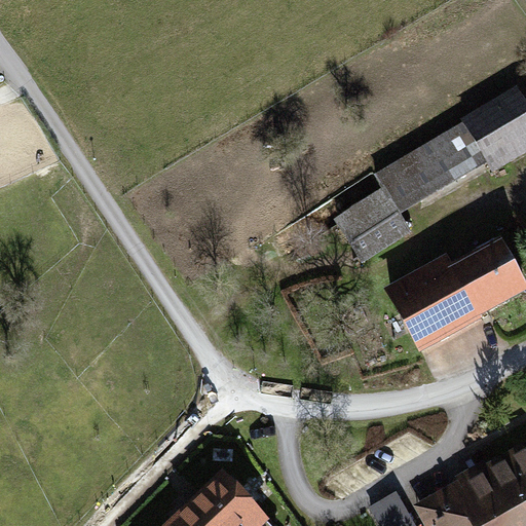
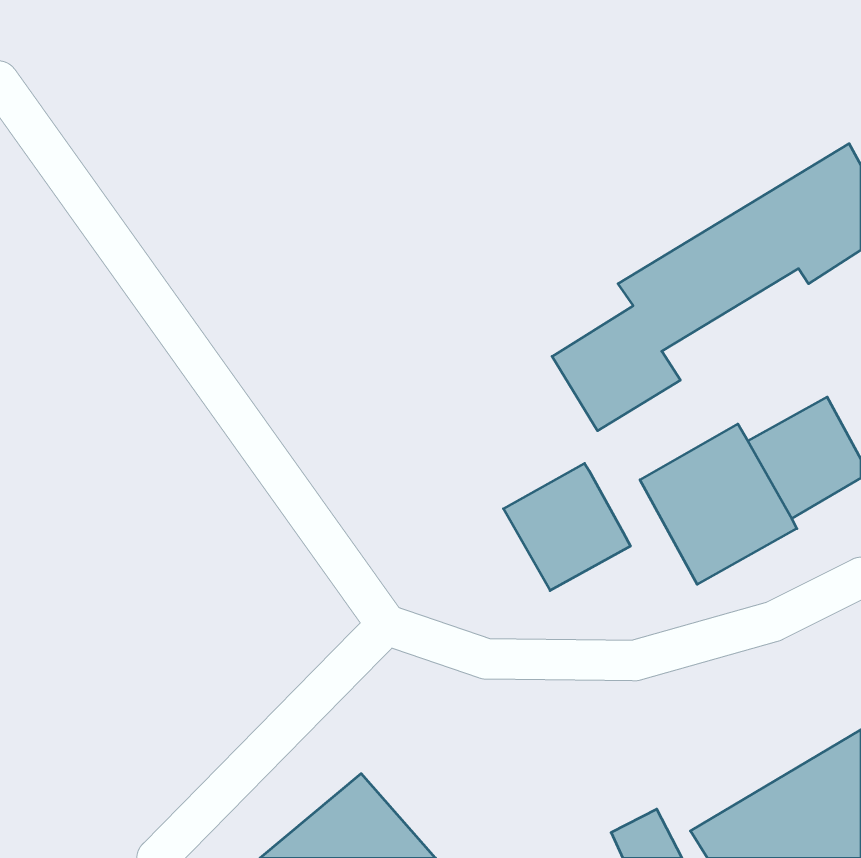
building: none -> [503,463,630,591]

